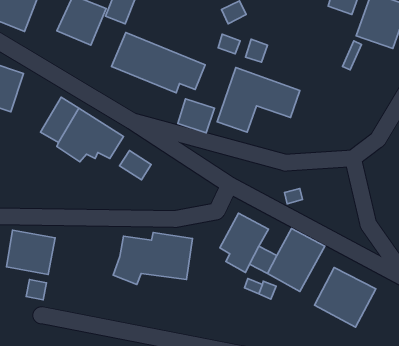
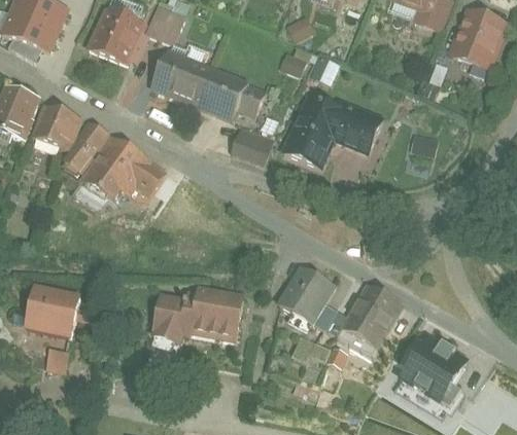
building: none -> [41,111,82,154]
building: [120,151,151,180] -> none

